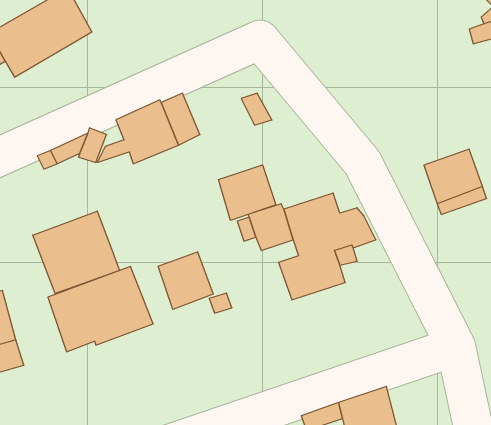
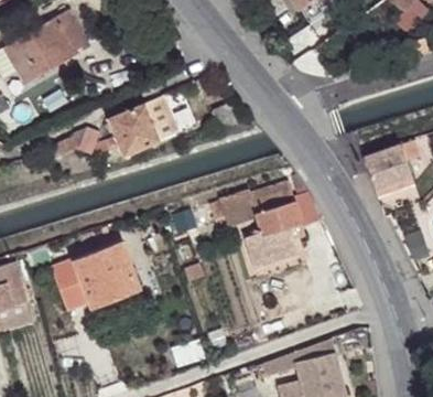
building: [218,165,276,220] -> none
building: [33,211,119,293] -> none
building: [158,252,213,309] -> none

